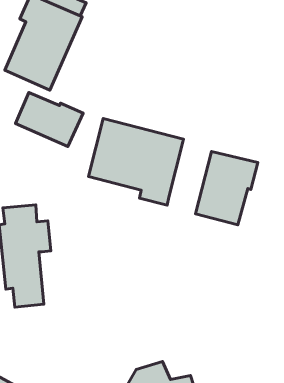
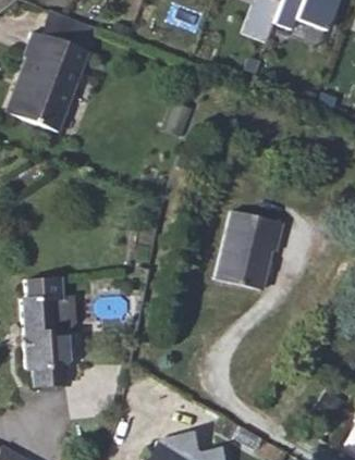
building: [15,93,83,146] -> none
building: [88,118,184,205] -> none

